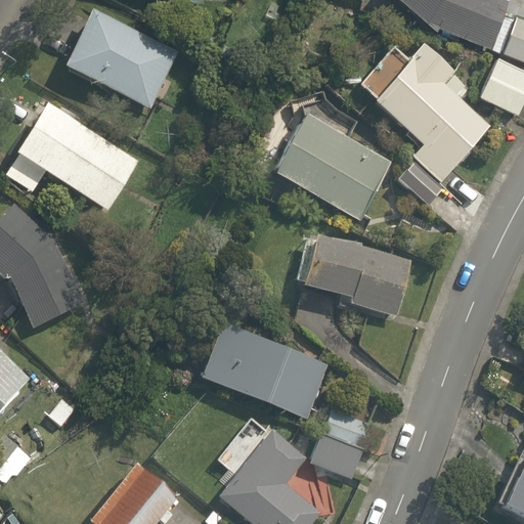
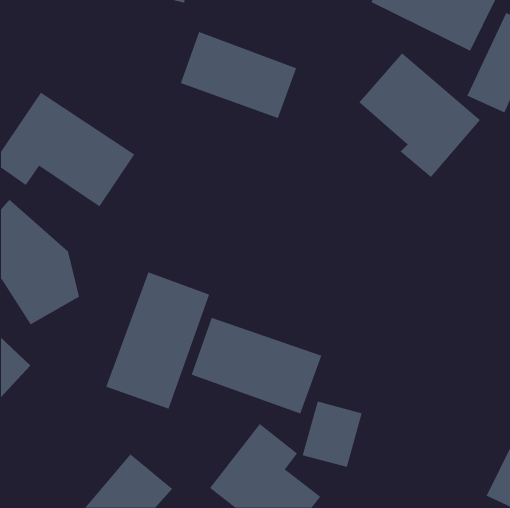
building: [68,7,180,107] -> none
building: none -> [180,31,297,119]
building: [270,116,390,223] -> none
building: [292,232,412,320] -> none
building: none -> [105,272,210,409]

